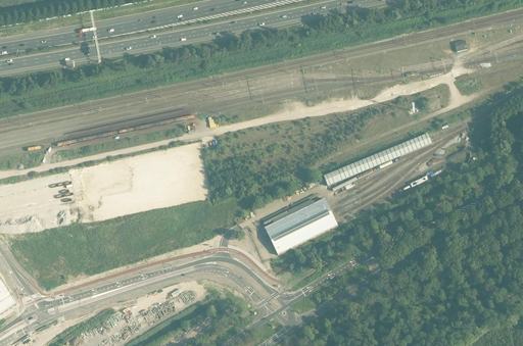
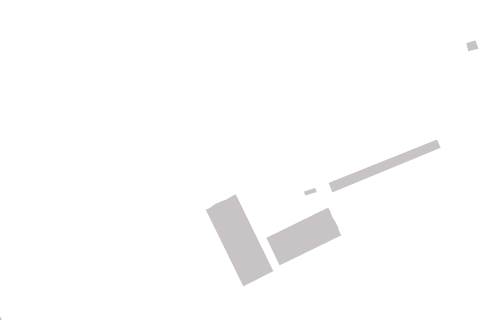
building: none -> [204,193,275,287]

